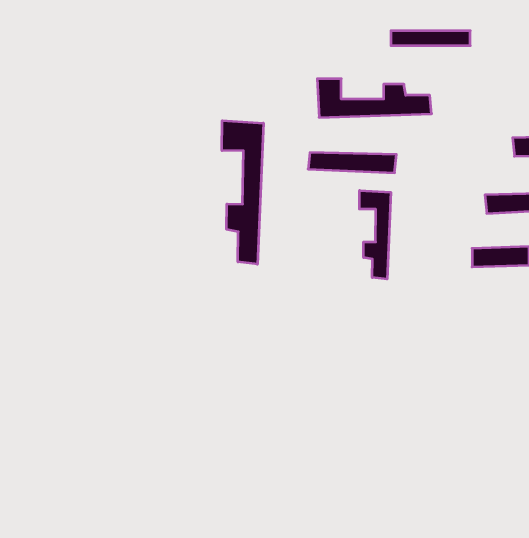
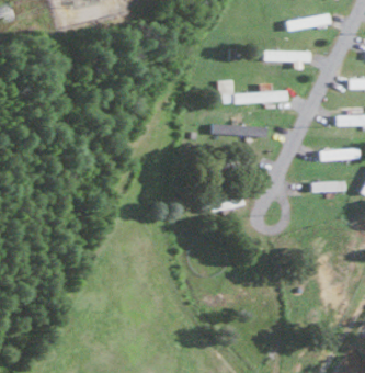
building: [222,121,263,264] -> none
building: [359,190,391,279] -> none

